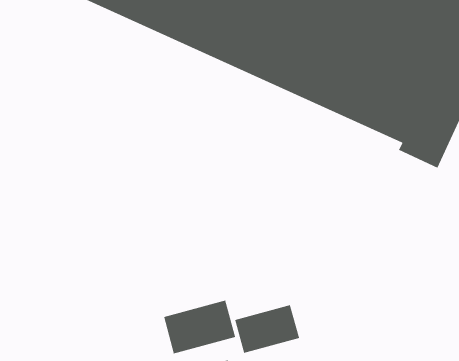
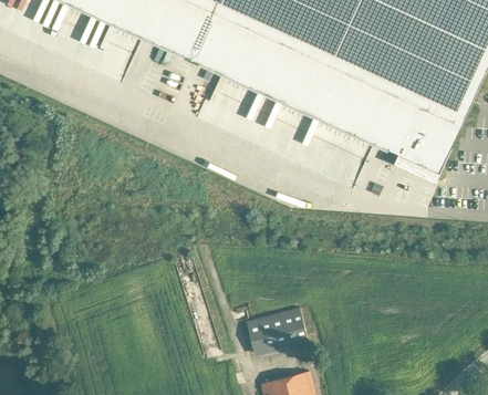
building: [163,300,236,355] -> none

